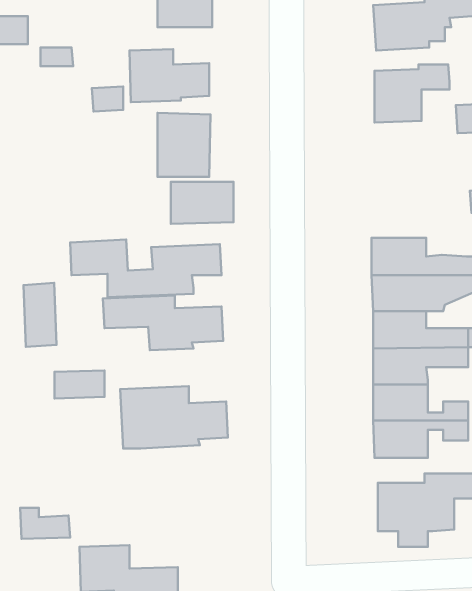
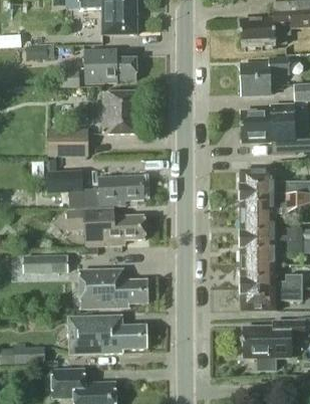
building: none -> [241,105,296,155]
building: [171,182,233,224] -> [49,130,89,157]
building: [23,283,56,347] -> none
building: none -> [69,315,146,353]

